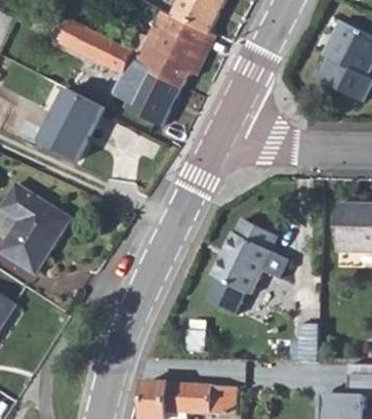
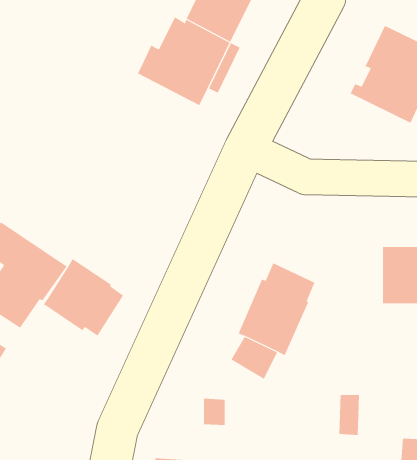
building: [58,22,182,127] -> none
building: [38,89,101,161] -> none
building: none -> [43,258,124,337]

